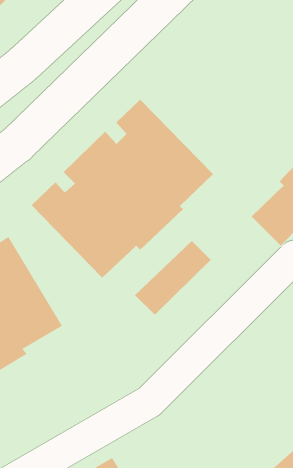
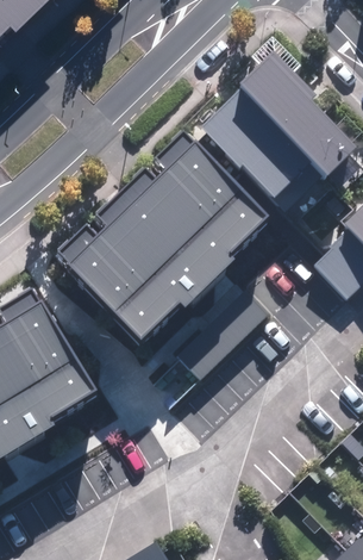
building: none -> [201,55,356,216]

